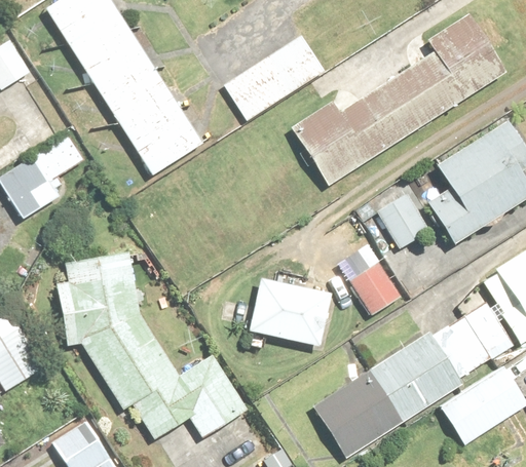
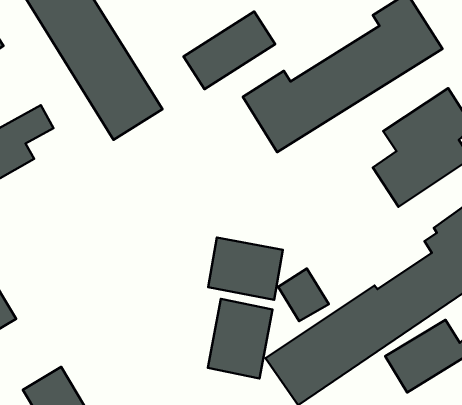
building: [374,189,431,248] -> none
building: [55,251,248,441] -> none
building: [348,259,403,315] -> [278,269,329,321]
building: none -> [208,299,272,378]

